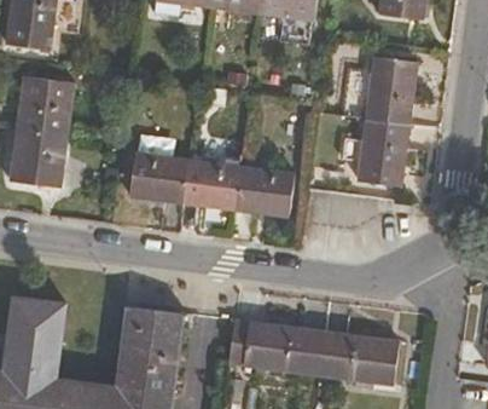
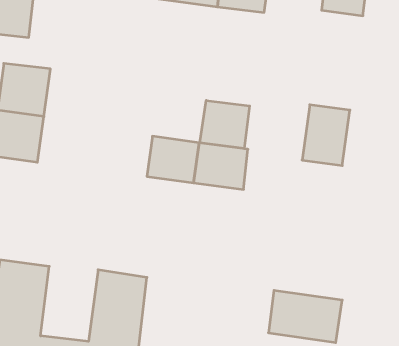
building: [362,59,416,128] -> none
building: none -> [200,100,250,149]
building: [129,150,187,202] -> none
building: [227,316,323,376] -> none

